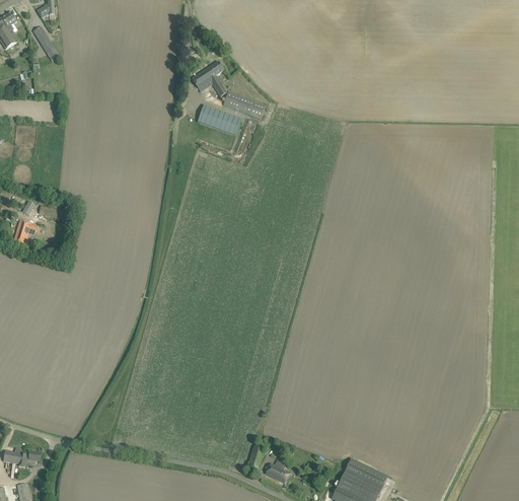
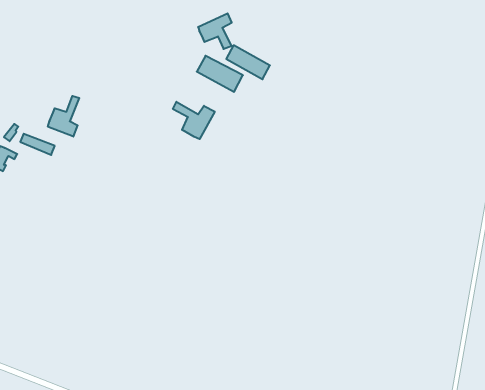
building: none -> [173,102,215,139]
building: none -> [48,96,79,137]

